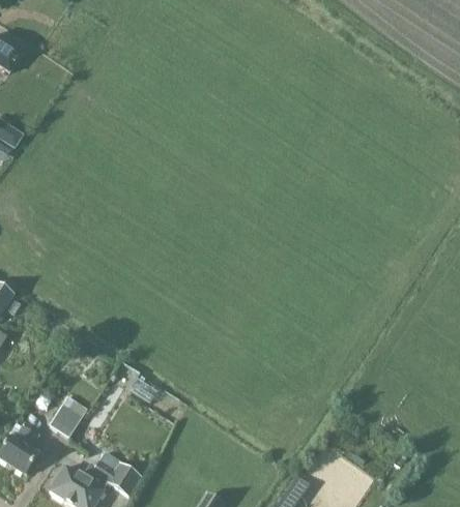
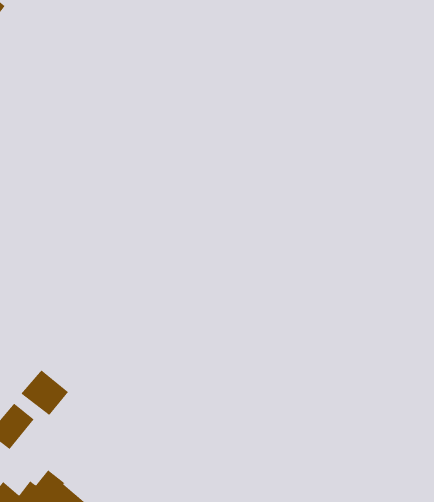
building: none -> [21,369,69,416]

